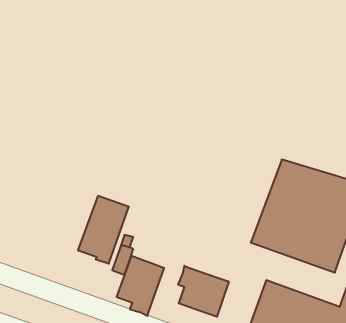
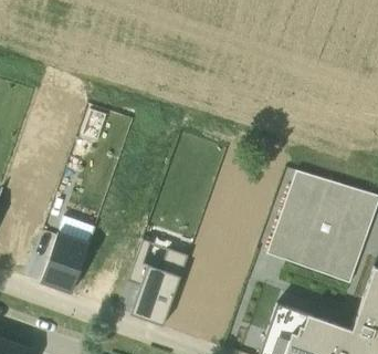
building: [78,196,129,264] -> [41,226,92,293]
building: [178,266,229,317] -> none

